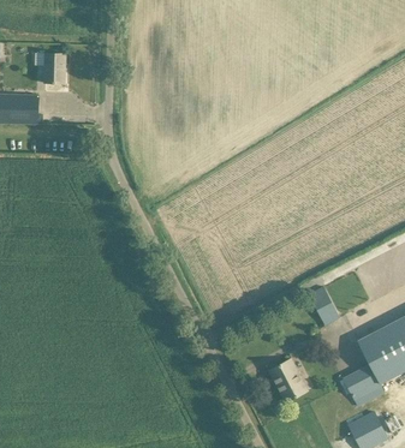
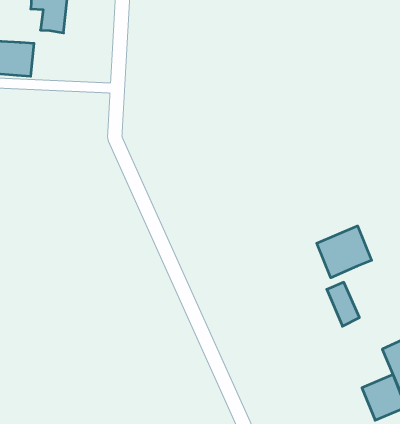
building: none -> [317,226,372,278]
building: [268,358,306,401] -> none

